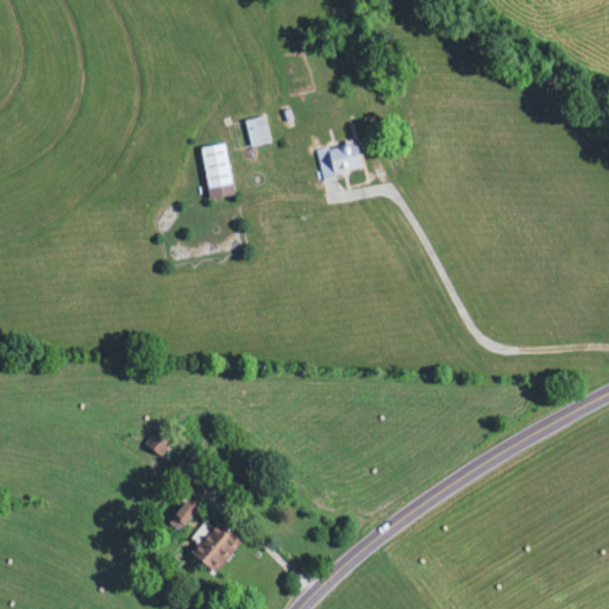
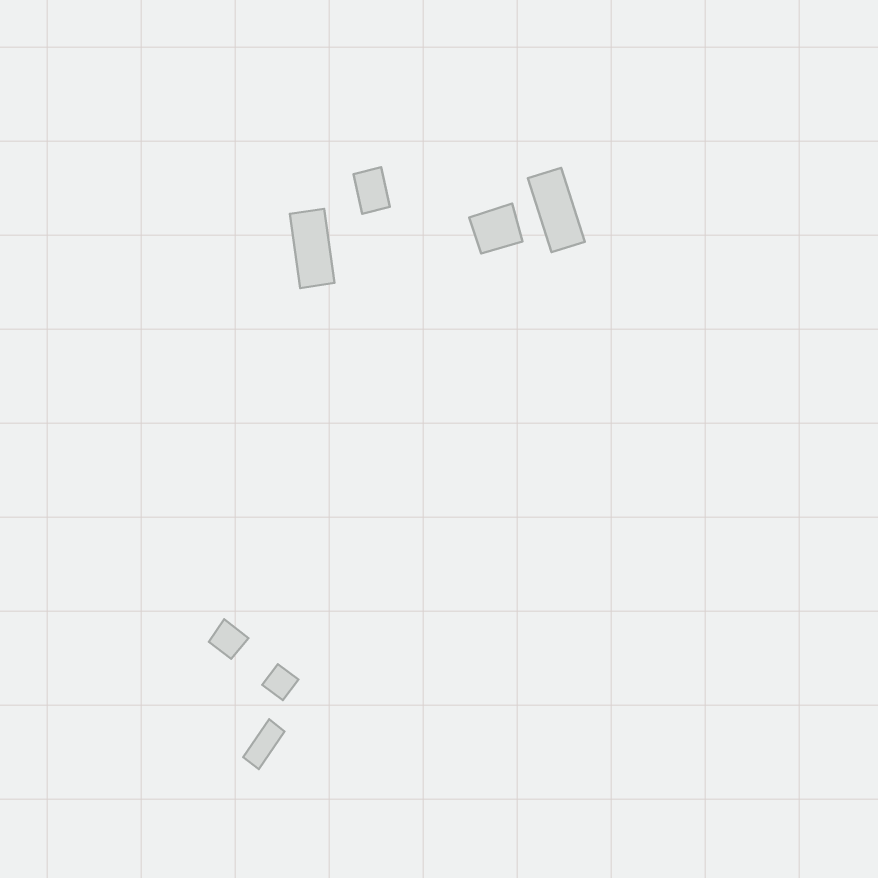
building: none -> [528,168,585,252]
building: [190,520,241,571] -> none

